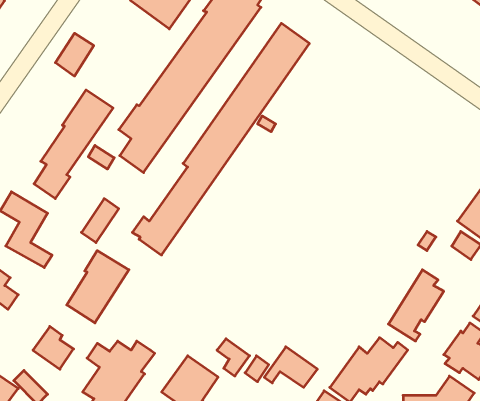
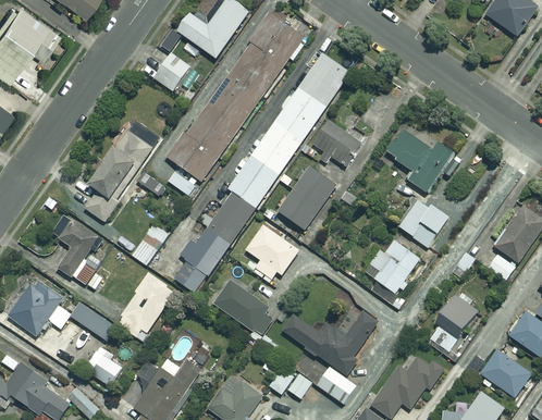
building: [55,33,94,76] -> [152,52,189,94]
building: none -> [313,121,360,164]
building: none -> [387,129,454,192]
building: none -> [279,165,335,228]
building: none -> [396,198,453,247]
building: none -> [246,224,299,279]
building: none -> [365,240,419,293]
building: none -> [174,261,208,293]
building: none -> [213,280,271,332]
building: none -> [71,302,114,339]
building: none -> [282,310,379,374]

